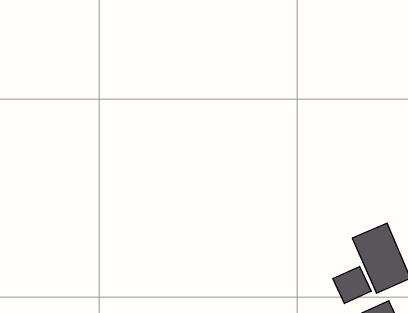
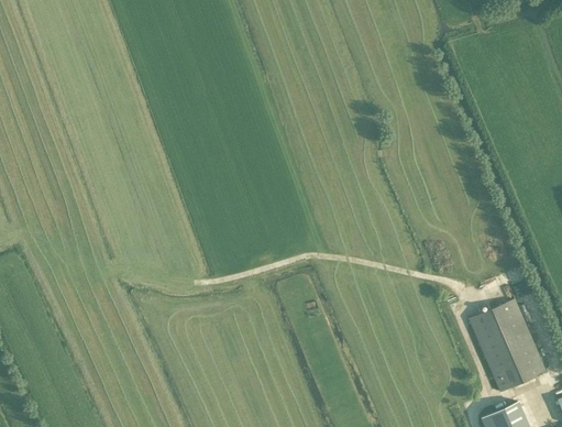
building: [333,266,371,304] -> none

